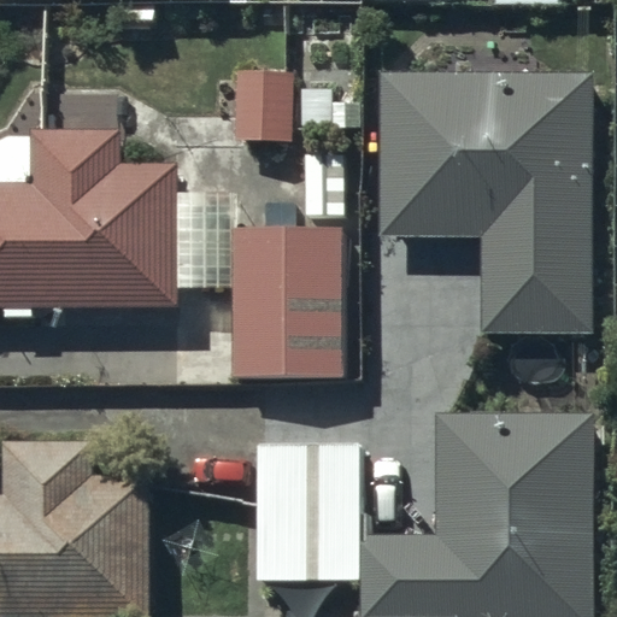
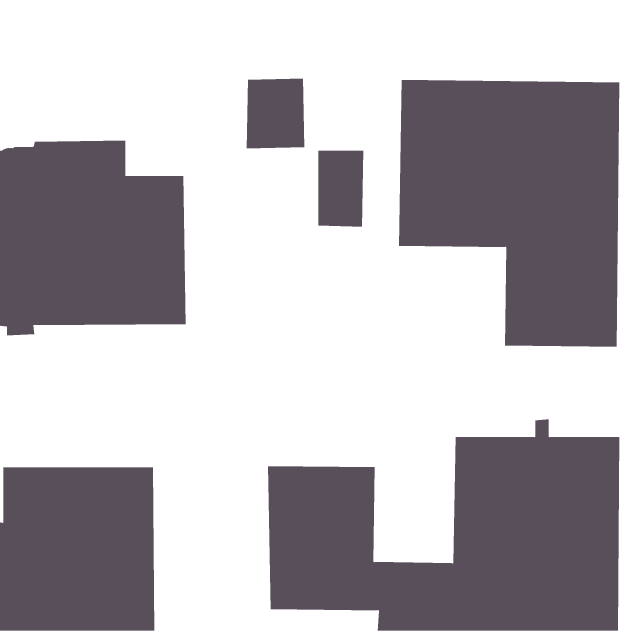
building: [190,187,362,384] -> none

